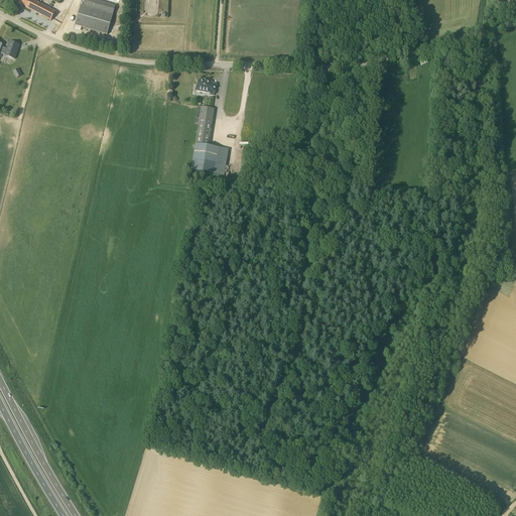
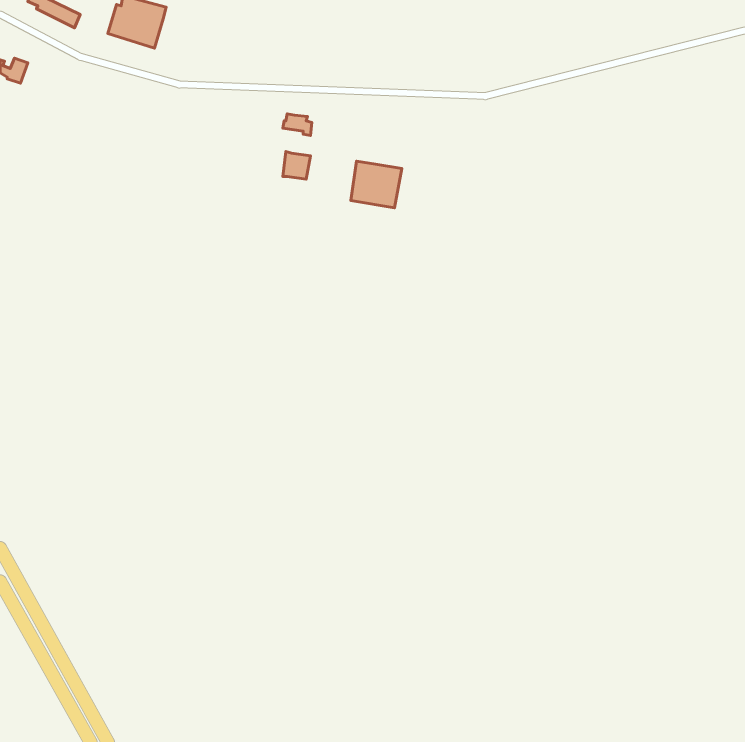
building: [191,142,227,174] -> [351,161,402,208]

